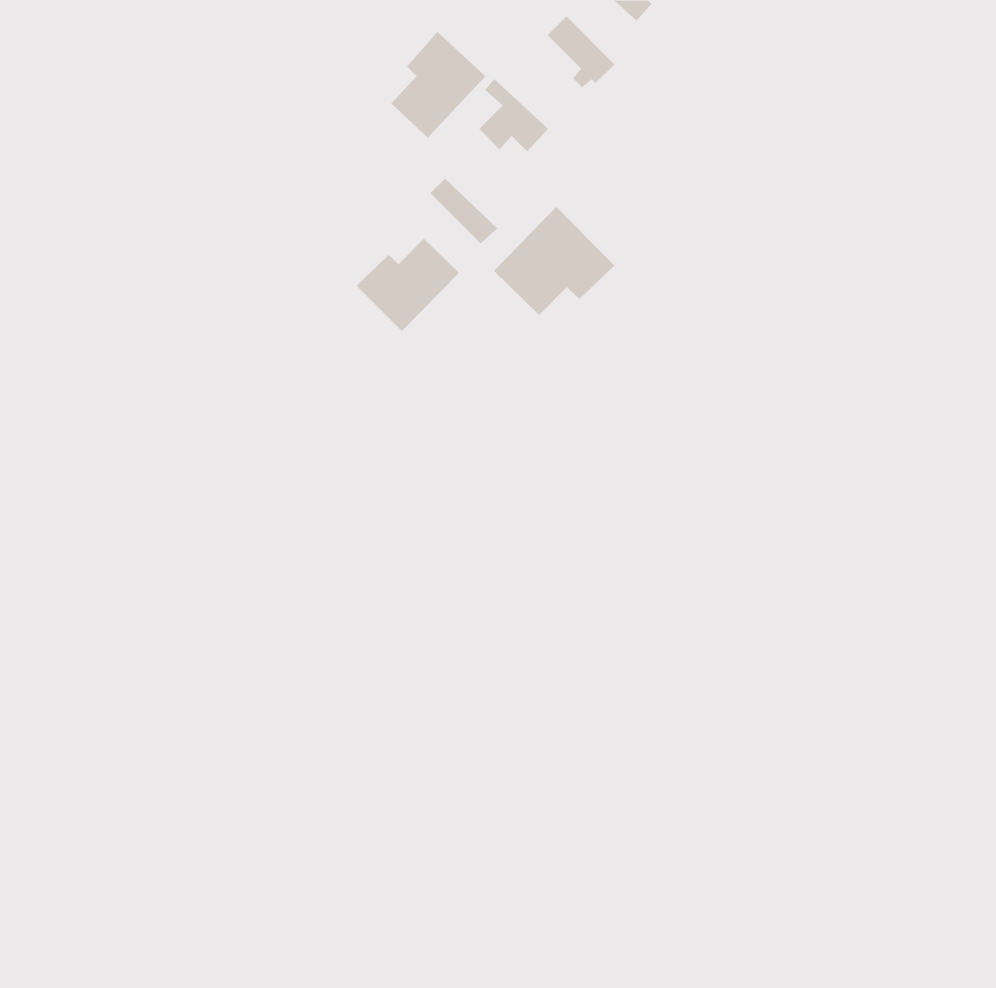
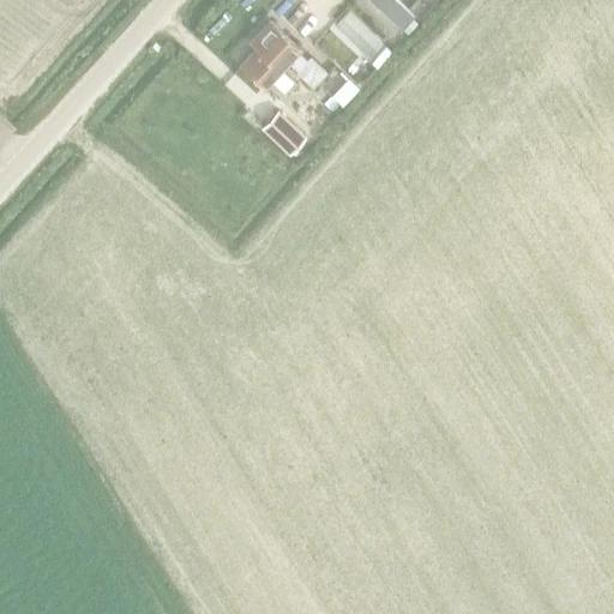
building: [493,206,615,316] -> none
building: [356,238,460,332] -> none

